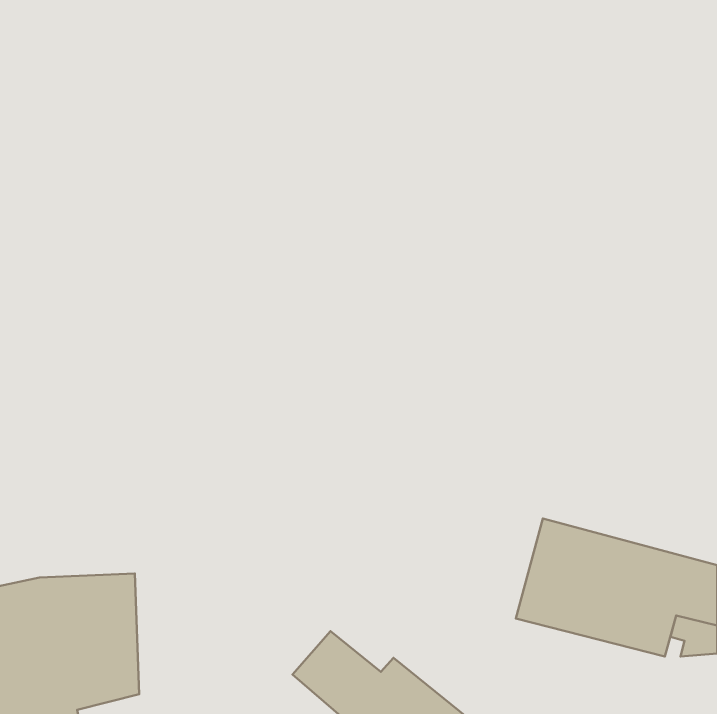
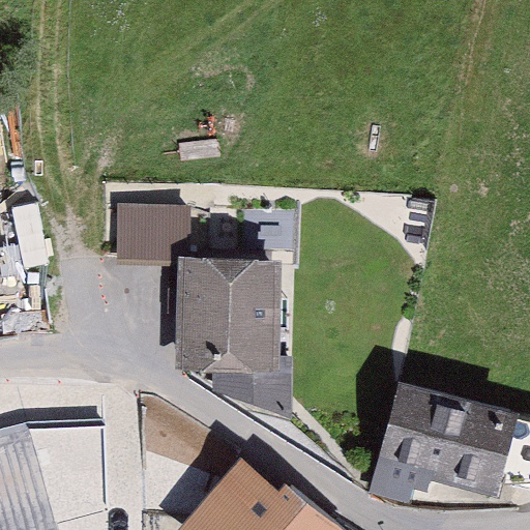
building: none -> [115,196,188,257]
building: none -> [171,266,288,415]

